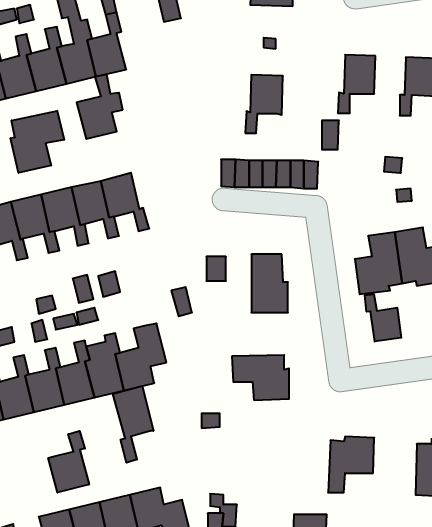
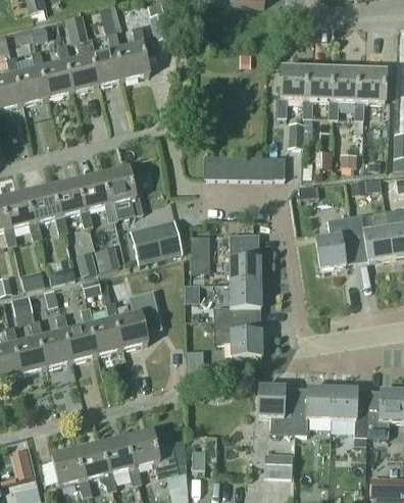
building: none -> [329,67,359,116]
building: [77,74,123,139] -> [116,24,155,79]
building: [245,75,283,133] -> [276,65,308,114]
building: [11,111,64,173] -> none
building: none -> [132,223,183,262]
building: [365,294,401,342] -> none
building: none -> [213,283,261,319]
building: [113,386,153,463] -> none
building: [48,431,89,493] -> none
building: none -> [258,385,296,434]
building: none -> [332,388,368,436]

